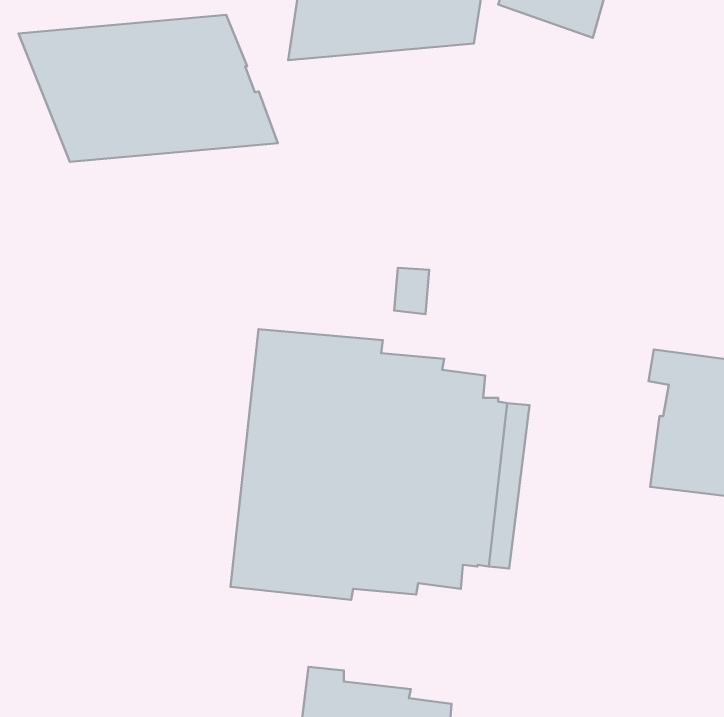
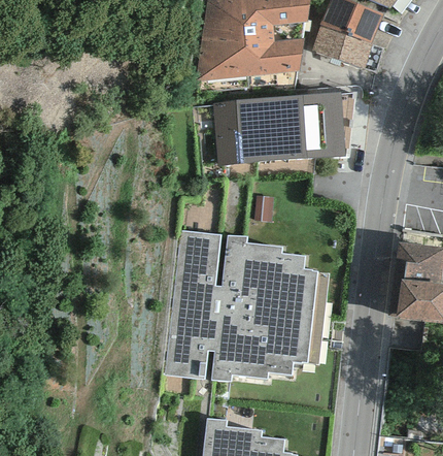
building: [18,15,278,162] -> none
building: none -> [213,92,345,166]

